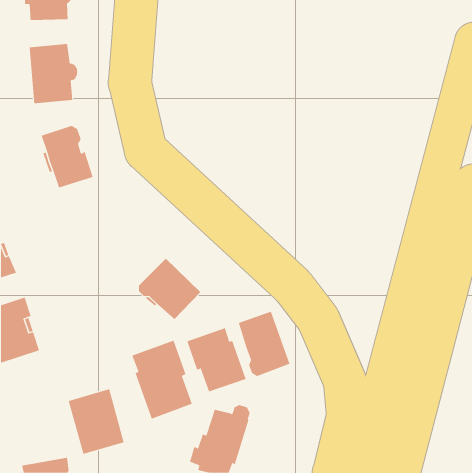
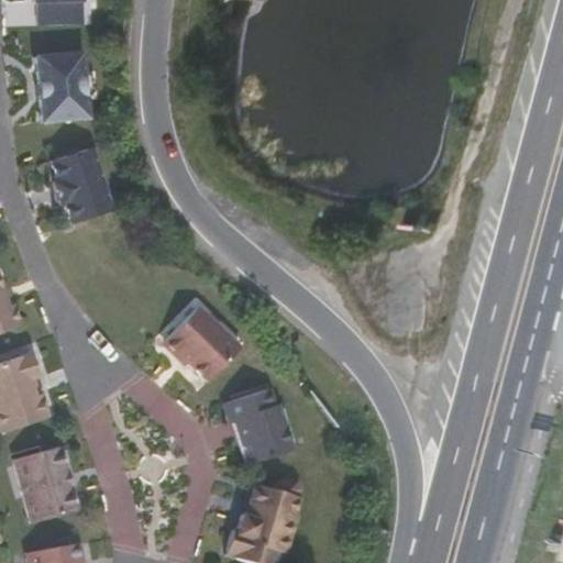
building: [238,311,290,377] -> none
building: [132,340,192,420] -> none
building: [68,389,125,454] -> [11,445,78,523]

